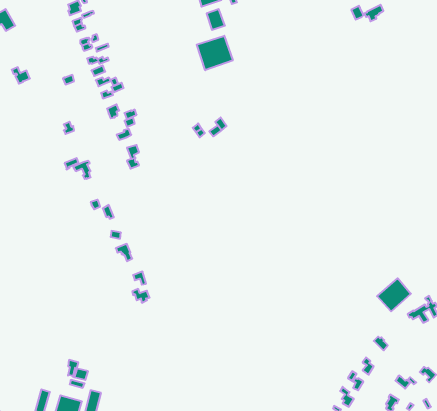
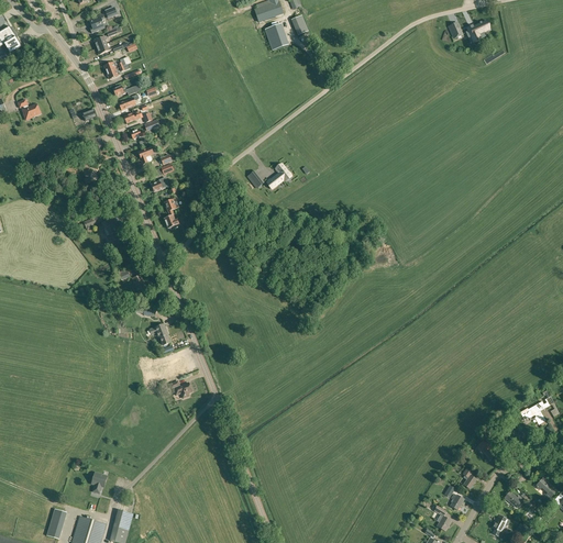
building: [197,36,233,70] -> none
building: [377,278,411,311] -> none

